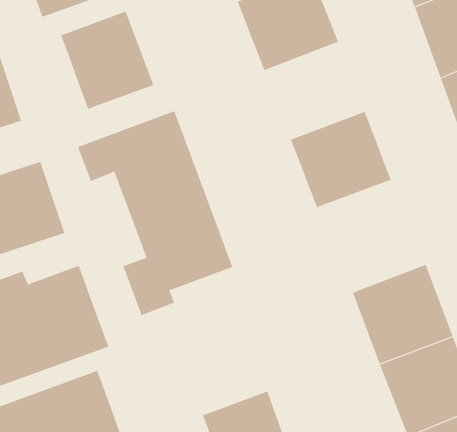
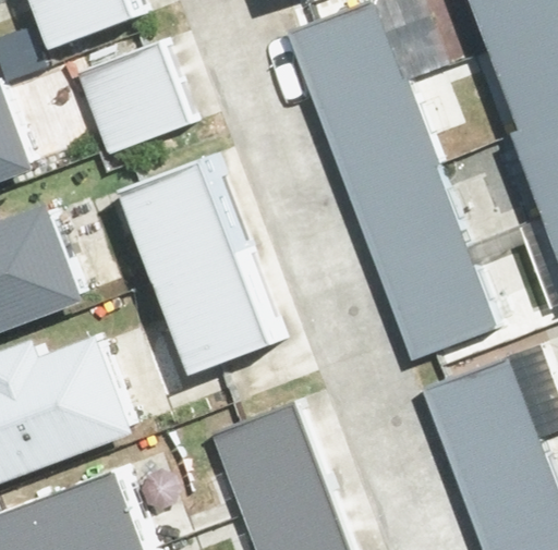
building: none -> [317,78,435,192]
building: none -> [378,239,496,352]
building: none -> [214,399,322,512]

